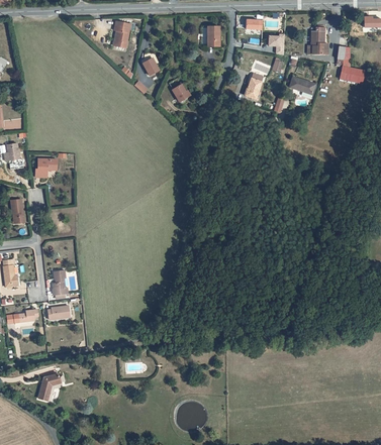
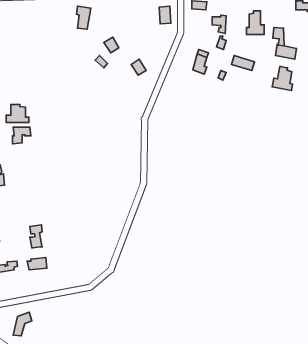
building: none -> [272,66,293,90]
building: none -> [6,104,29,123]

